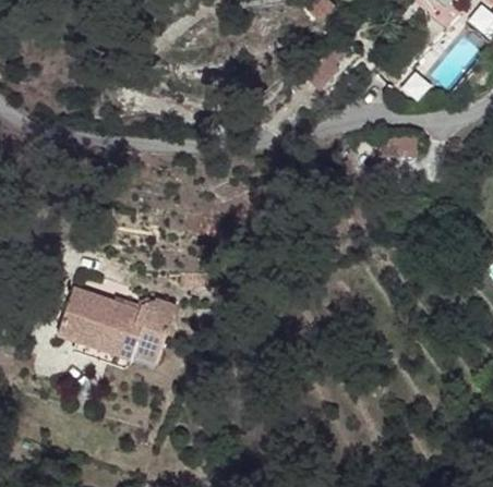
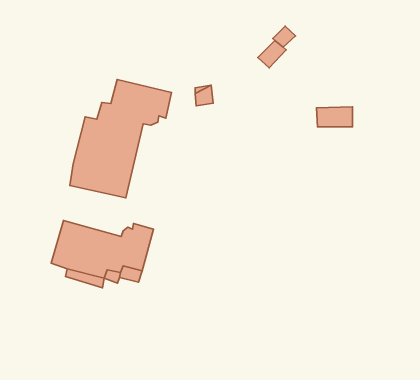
building: none -> [70,79,172,198]

